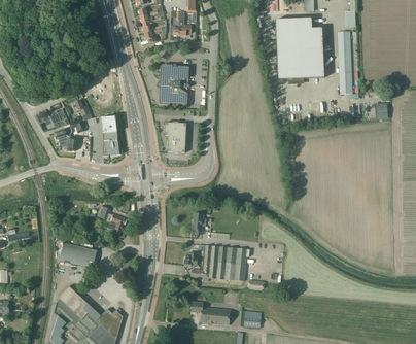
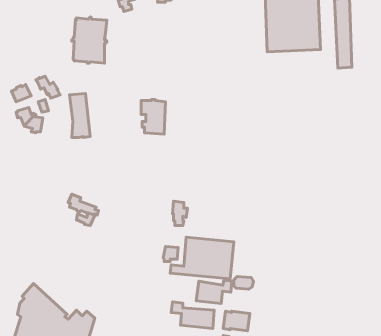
building: [159,63,189,104] -> [72,17,107,63]
building: [60,241,97,267] -> none
building: none -> [196,280,232,304]

